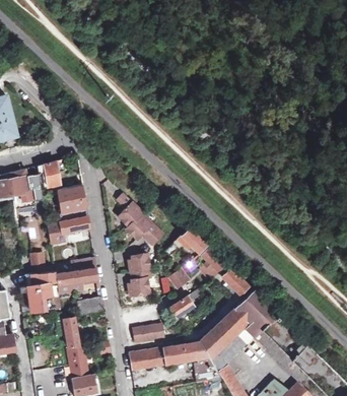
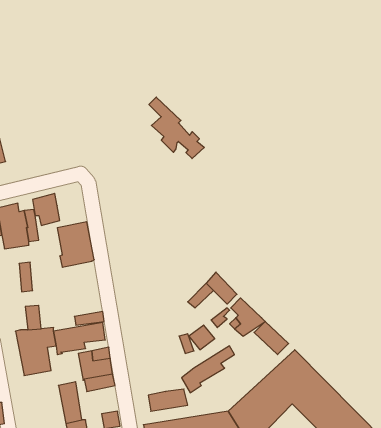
building: [116,193,161,244] -> [149,97,204,159]
building: [48,217,88,242] -> none
building: [128,253,151,295] -> none

